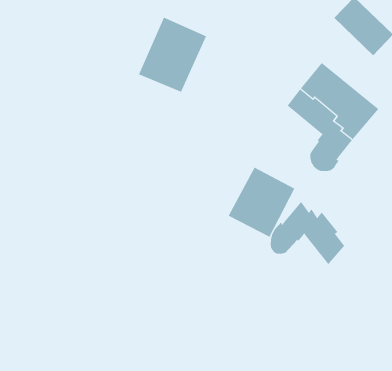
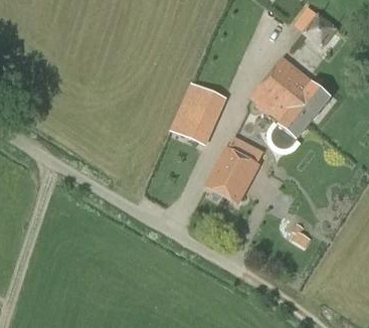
building: [138,17,207,93] -> [170,80,227,144]
building: [270,201,345,265] -> none

